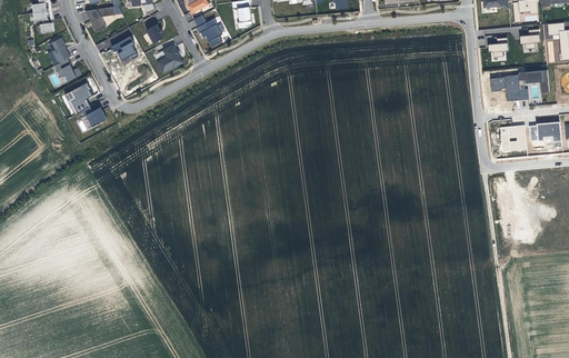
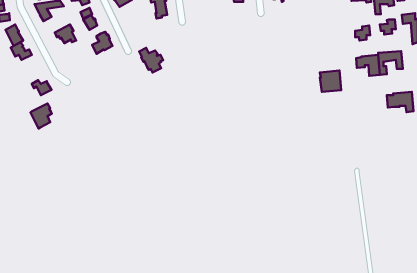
building: [193,16,223,47] -> [139,48,163,73]
building: [64,83,91,115] -> [31,104,52,128]
building: [499,125,526,151] -> [320,71,341,92]

